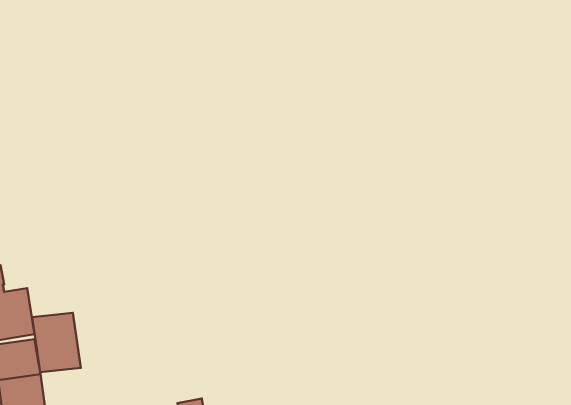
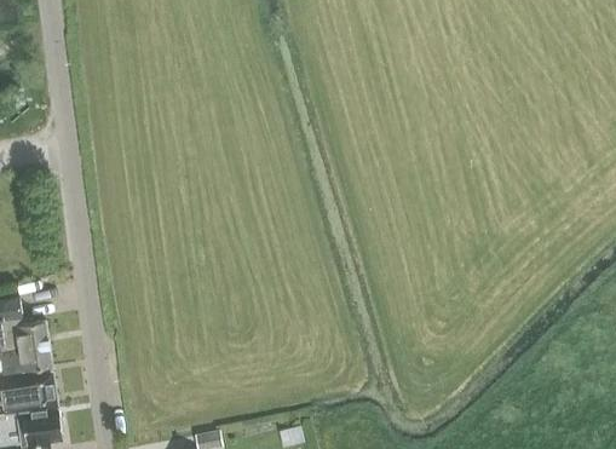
building: [32,313,81,372] -> none

